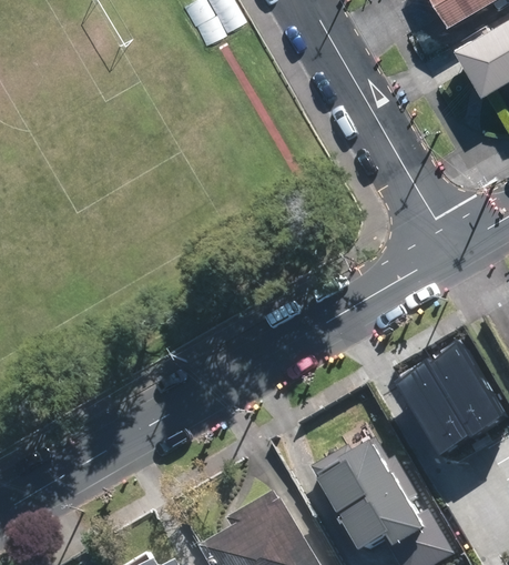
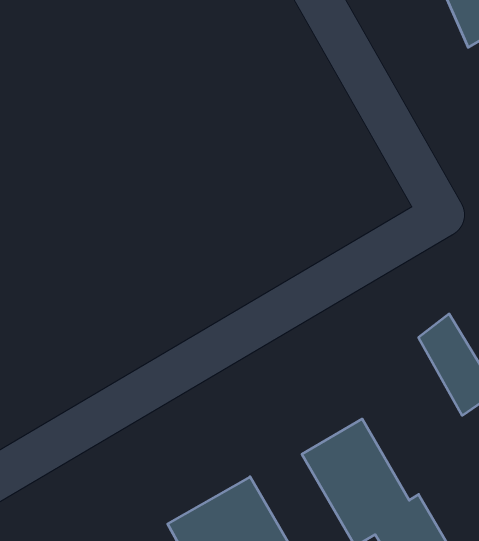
building: [395,361,471,456] -> none

